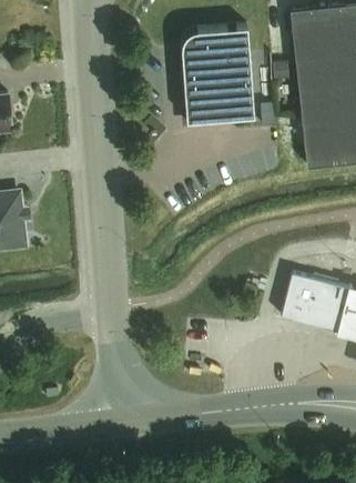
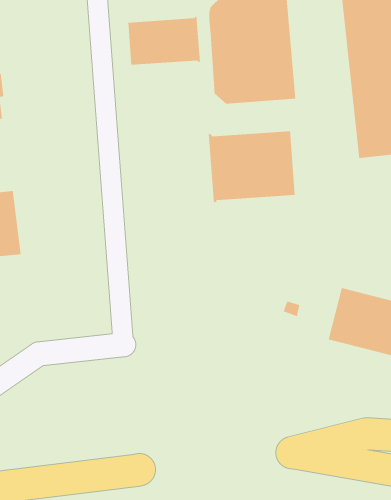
building: none -> [128,16,200,66]
building: none -> [208,130,295,203]

